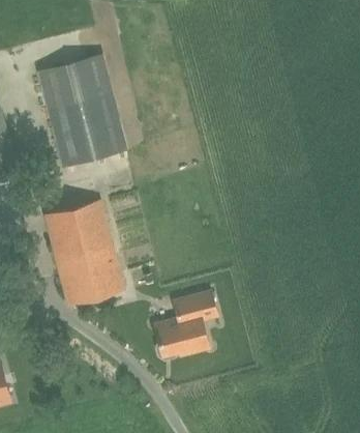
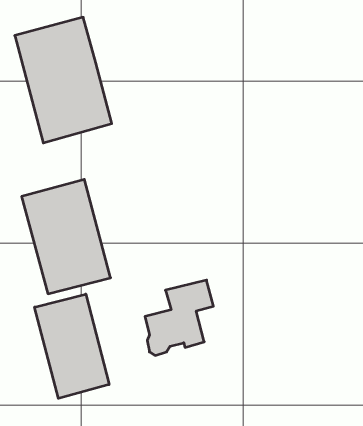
building: none -> [35,294,109,398]

